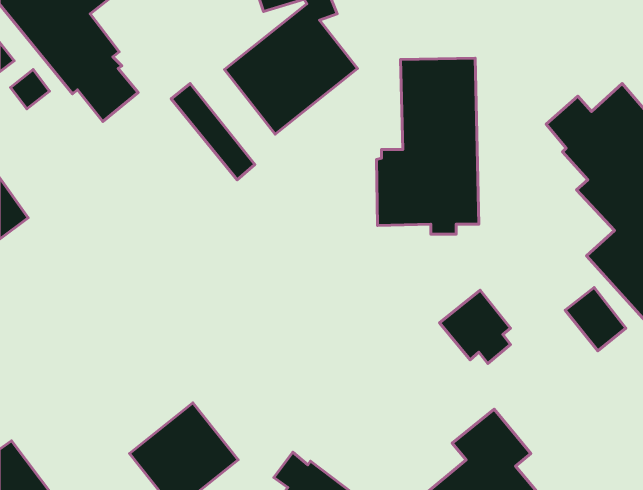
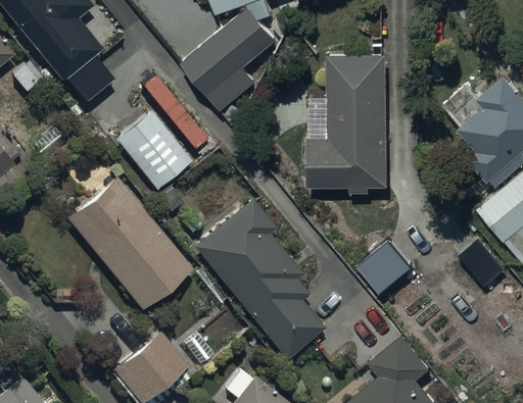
building: none -> [112,109,193,193]
building: none -> [64,175,190,309]
building: none -> [193,199,325,361]

